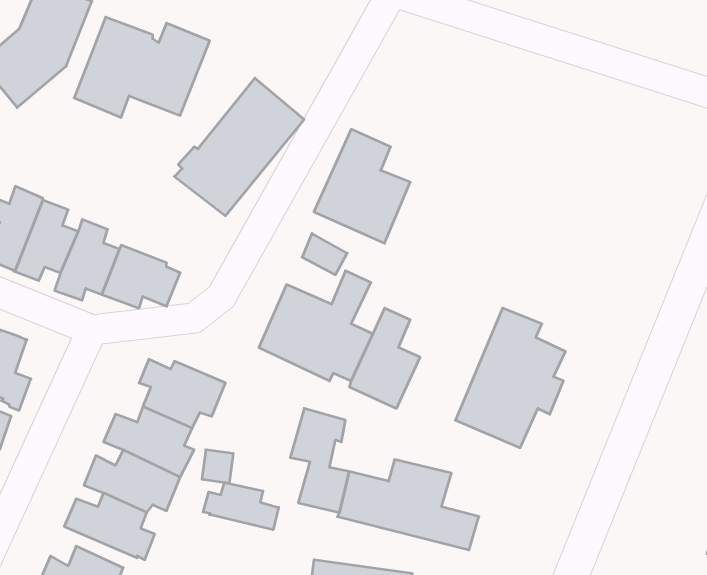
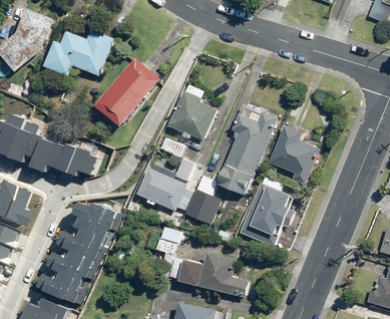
building: none -> [217,111,278,197]
building: none -> [270,127,319,185]
building: [203,482,279,530] -> none

